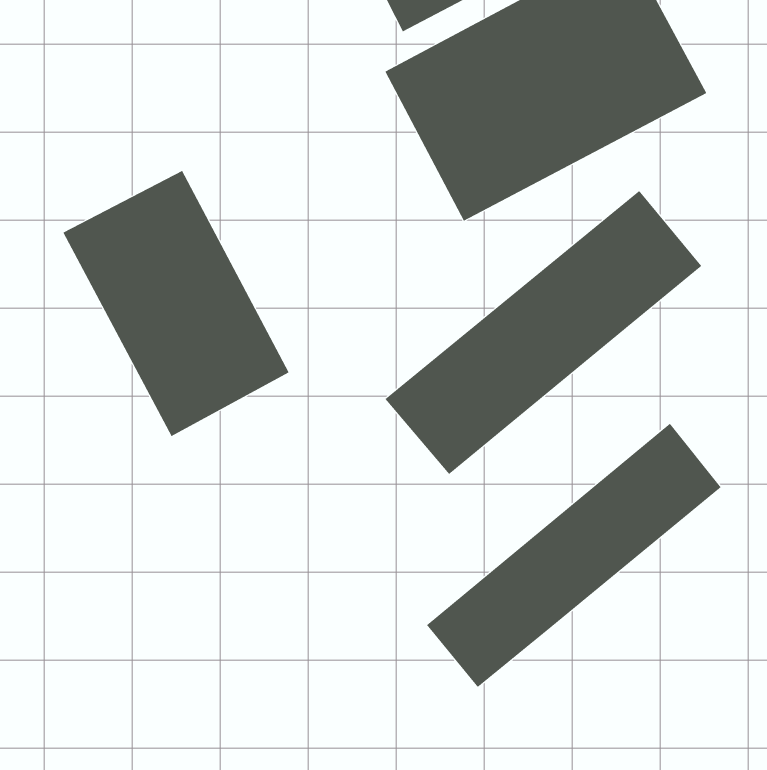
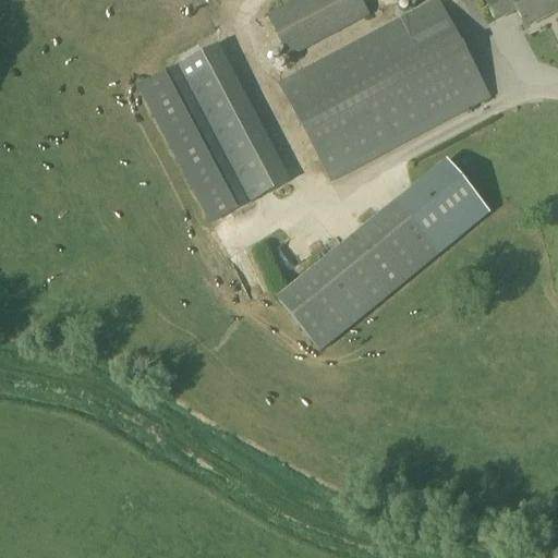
building: [62,170,290,437] -> [138,45,289,221]
building: [426,423,721,688] -> none

